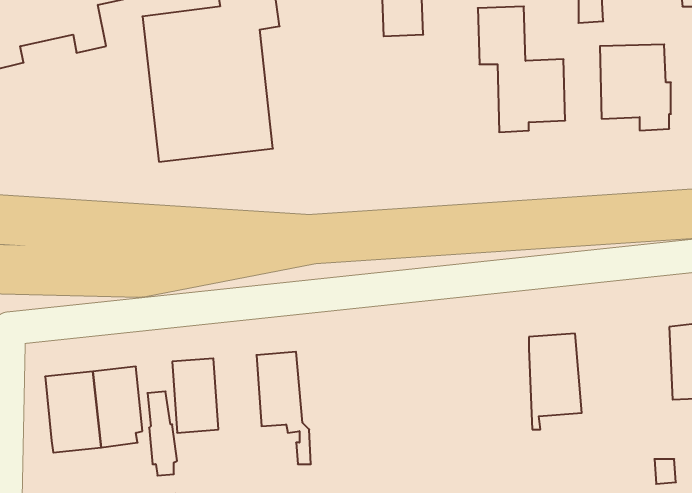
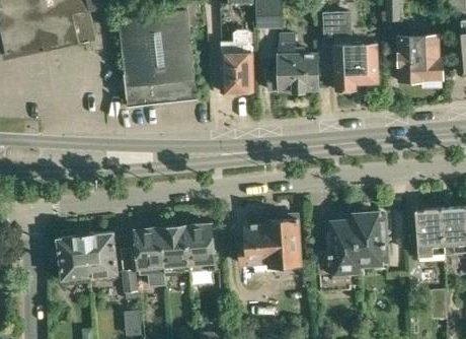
building: none -> [220,29,253,92]
building: none -> [268,32,318,90]
building: none -> [415,208,443,254]
building: none -> [239,218,300,265]
building: none -> [317,221,357,278]
building: none -> [161,225,190,271]

